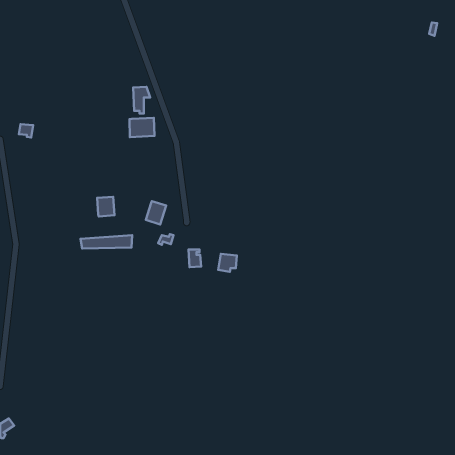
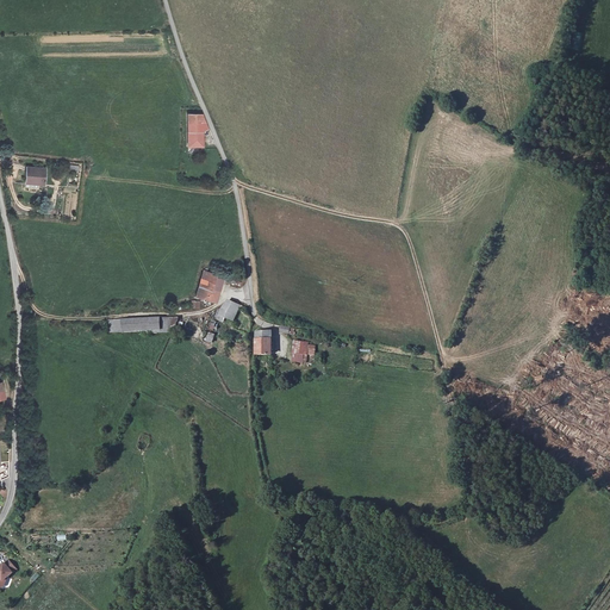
building: [129,118,154,137] -> none
building: [97,197,115,216] -> none

